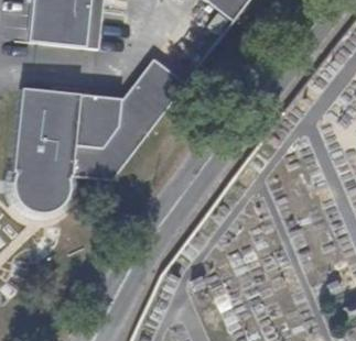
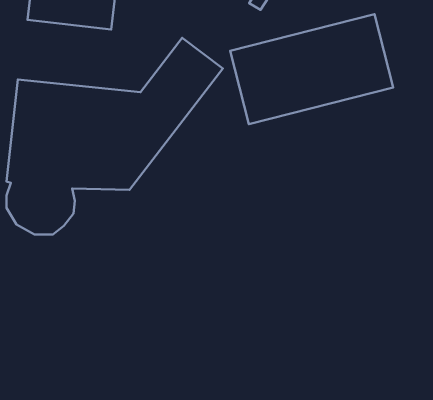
building: none -> [230,14,393,124]

